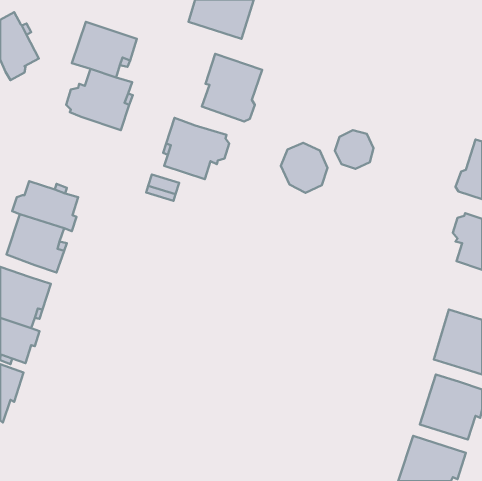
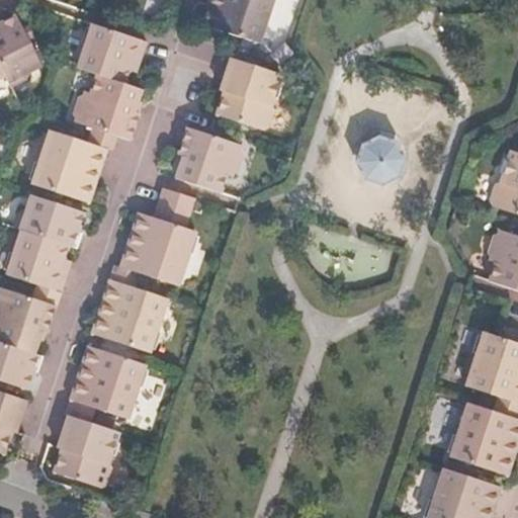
building: none -> [31,128,106,202]
building: [281,143,327,193] -> none
building: none -> [121,212,195,285]
building: none -> [93,279,167,351]
building: none -> [71,345,145,418]
building: none -> [55,415,119,486]

